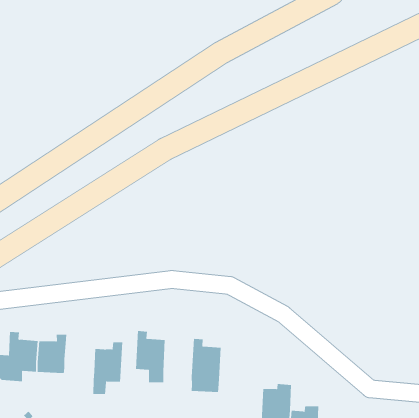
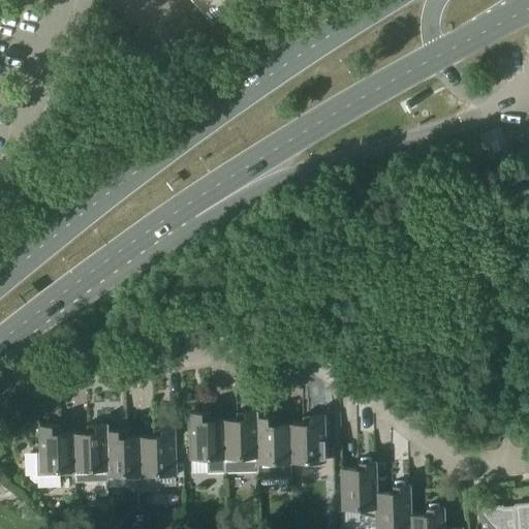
building: none -> [224,411,258,472]
building: none -> [108,430,144,492]
building: none -> [290,415,325,463]

